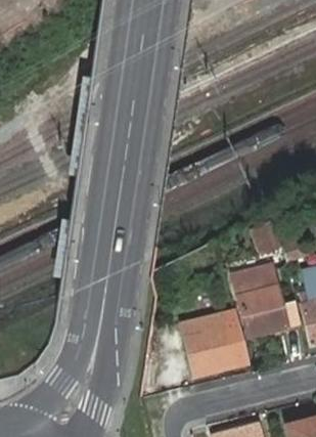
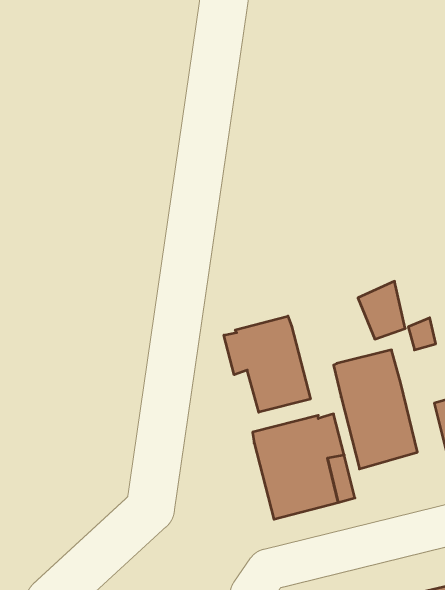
building: none -> [224,316,310,412]

